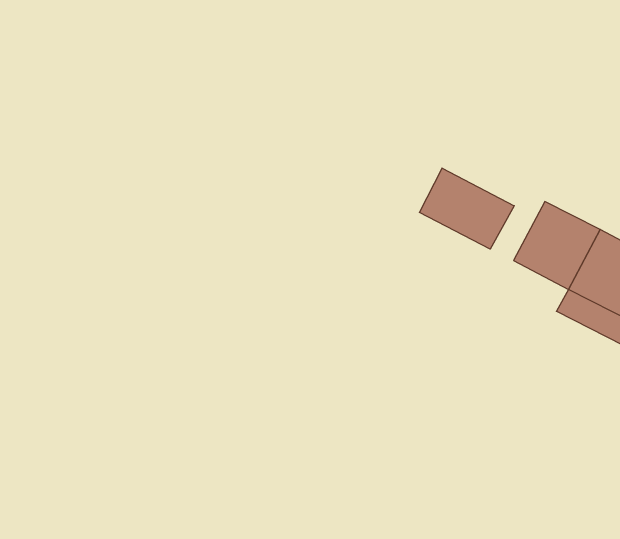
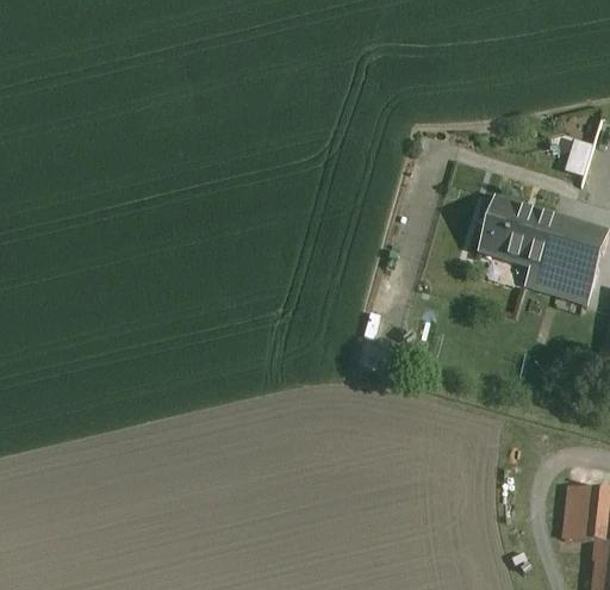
building: [419,168,514,249] -> none

